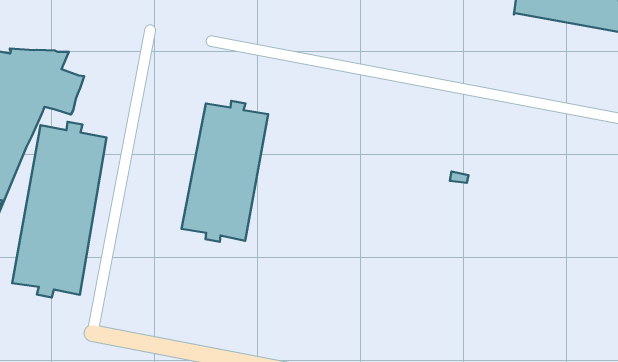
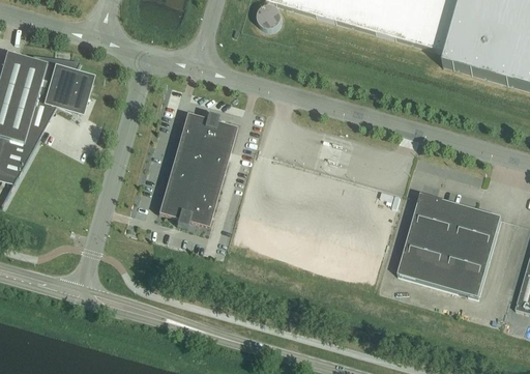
building: [12,122,106,297] -> none
building: none -> [398,193,502,296]

